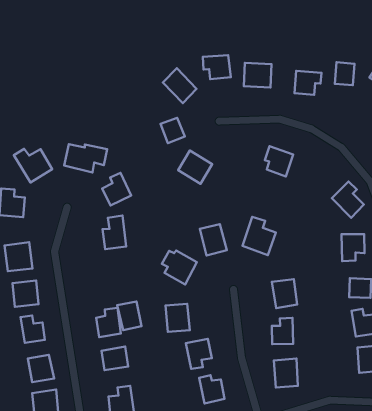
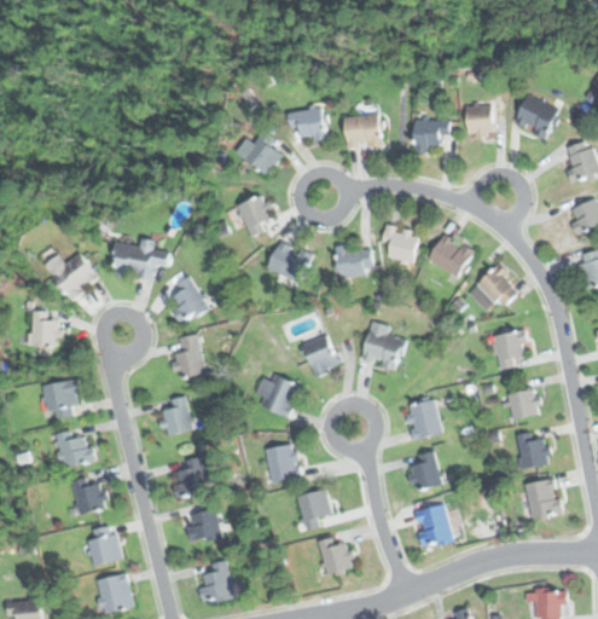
building: none -> [428,232,474,278]
building: none -> [337,245,372,273]
building: [117,301,142,330] -> [158,395,193,435]

